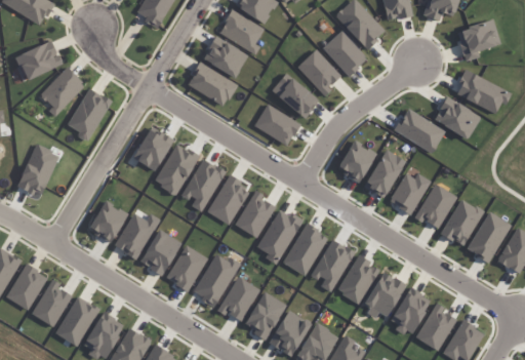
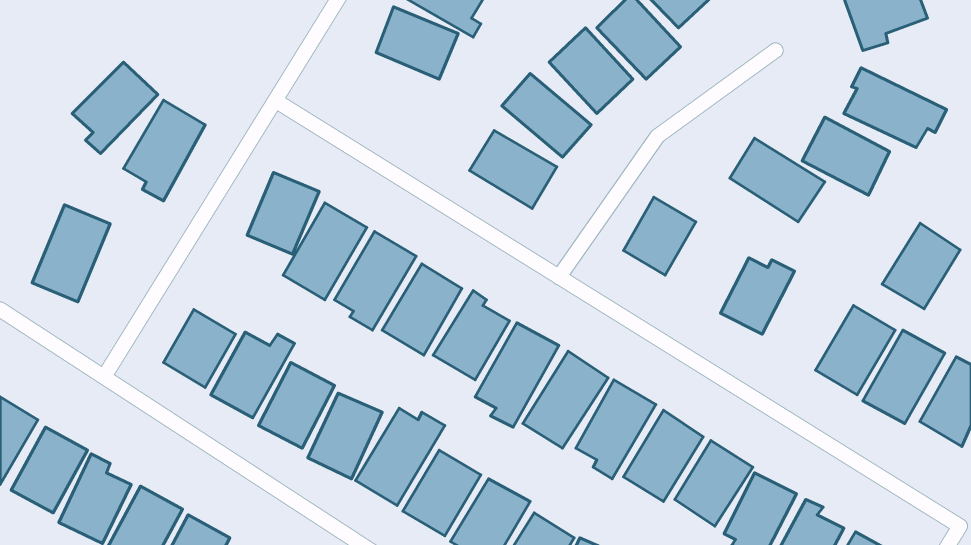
building: [14,40,62,80] -> none
building: [187,62,237,107] -> none
building: [363,149,405,198] -> none
building: [414,183,456,229] -> [882,223,960,309]

